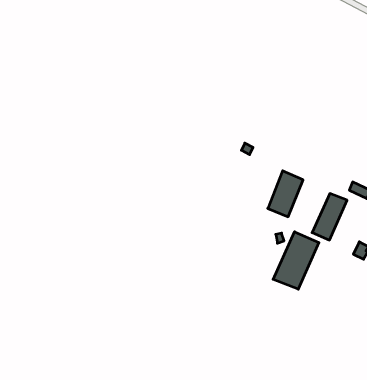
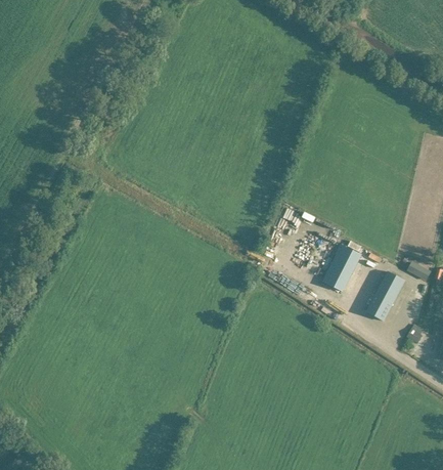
building: [273,232,319,289] -> none

